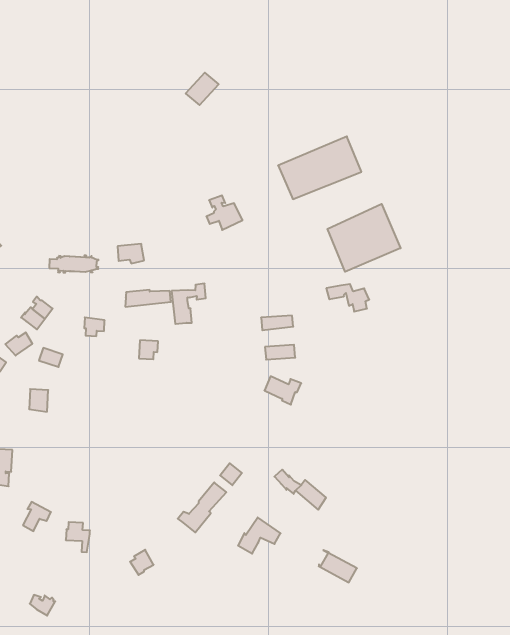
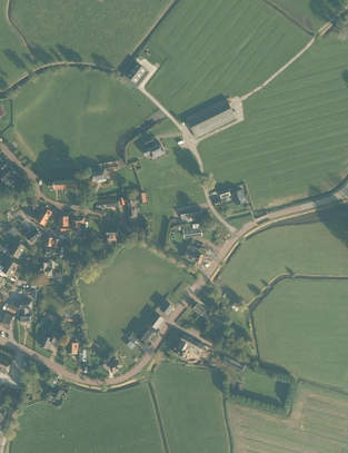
building: [327,204,401,272] -> none

